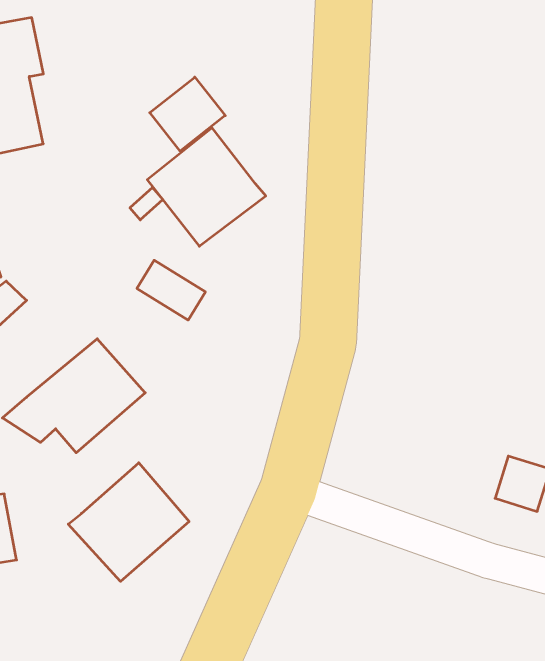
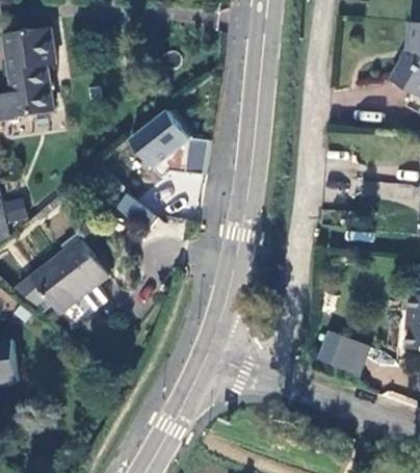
building: [150,77,225,151] -> none
building: [68,463,189,581] -> none

